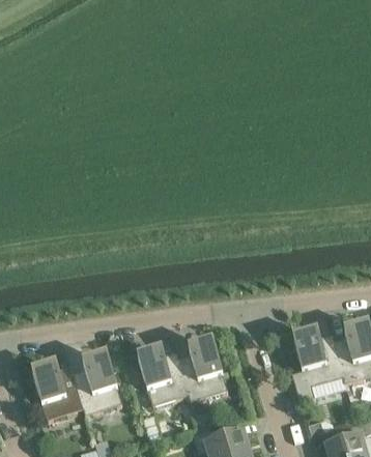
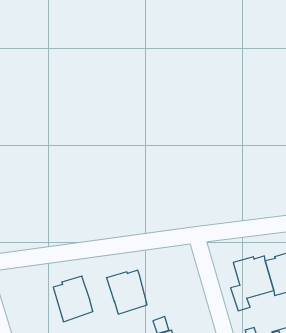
building: [178,343,227,399] -> none
building: [32,365,83,419] -> none

